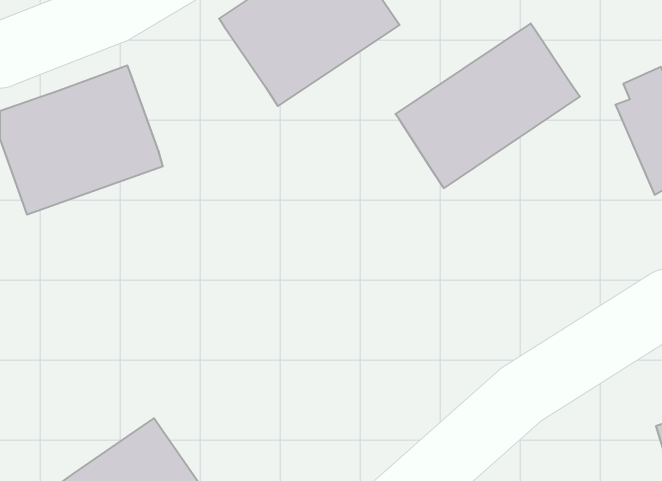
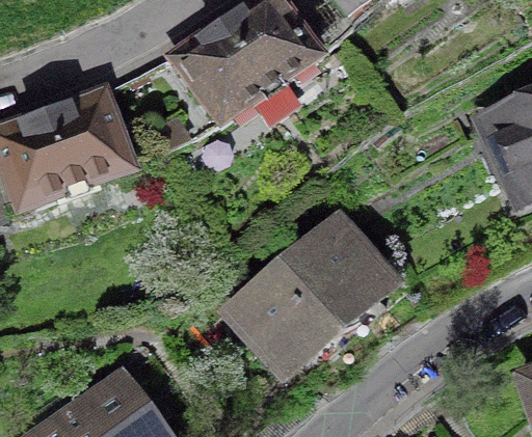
building: [395,23,580,188] -> none
building: none -> [246,237,376,358]

